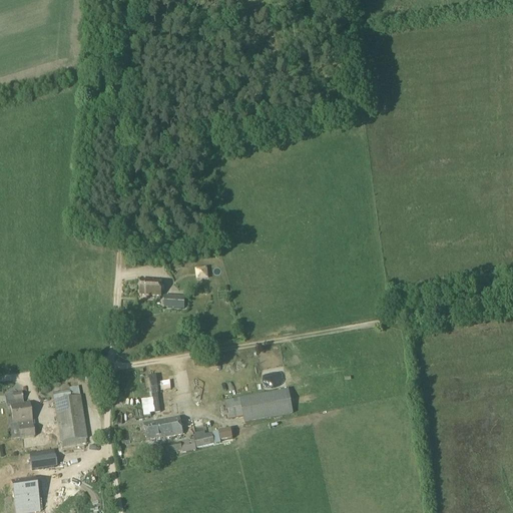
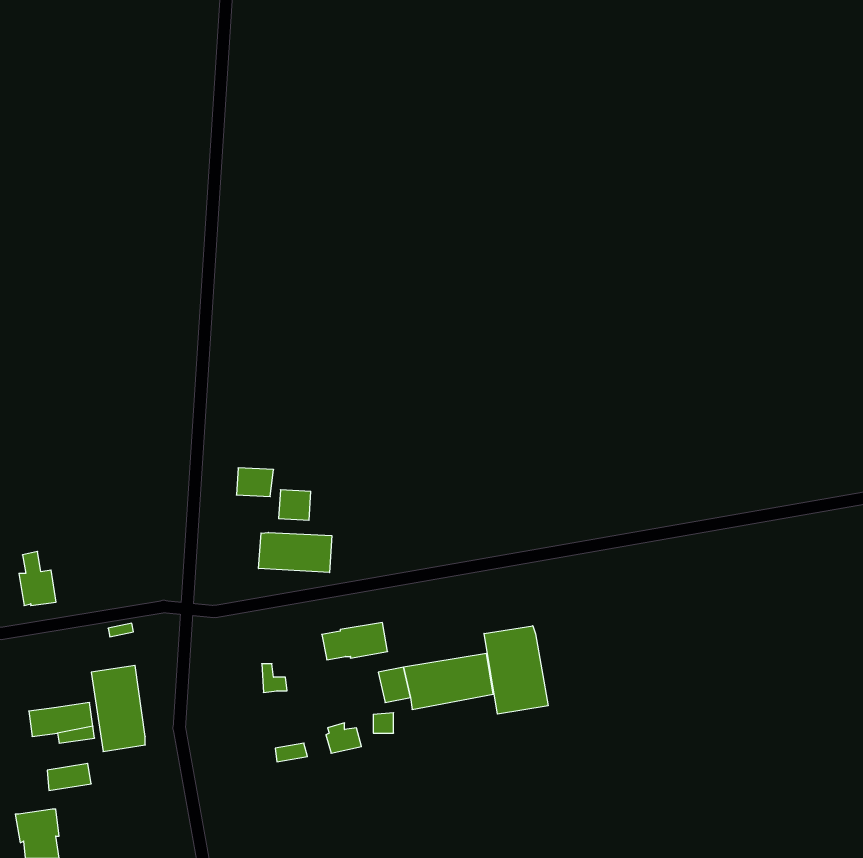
building: none -> [259,532,332,573]
building: none -> [484,626,548,714]
building: [10,390,32,422] -> [19,551,56,606]
building: [144,416,183,438] -> [322,623,388,660]

